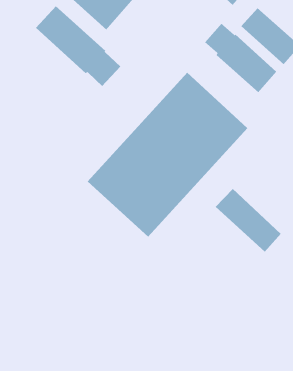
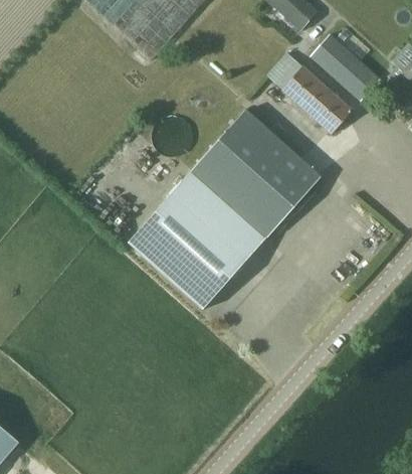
building: [35,6,121,87] -> none
building: [215,188,282,252] -> none

